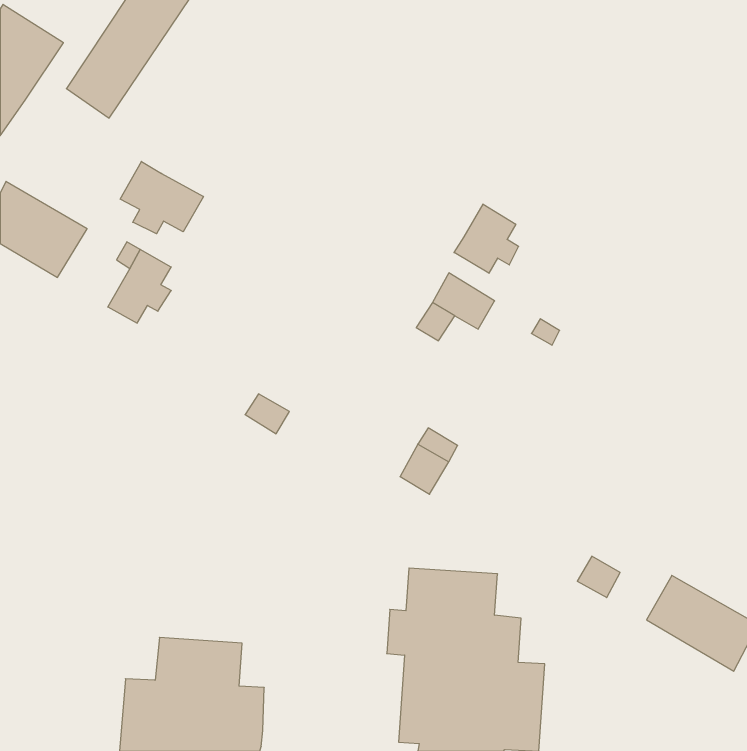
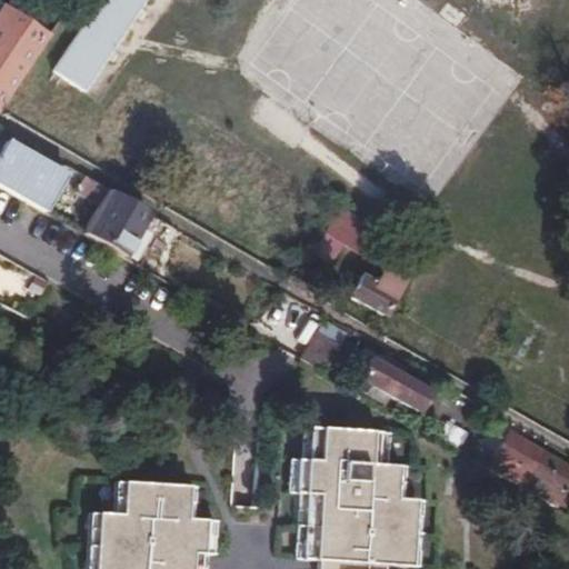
building: [120,161,203,234] -> none
building: [454,204,519,273] -> none
building: none -> [353,264,408,313]
building: none -> [360,355,432,410]

